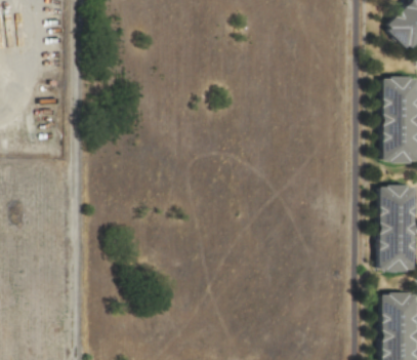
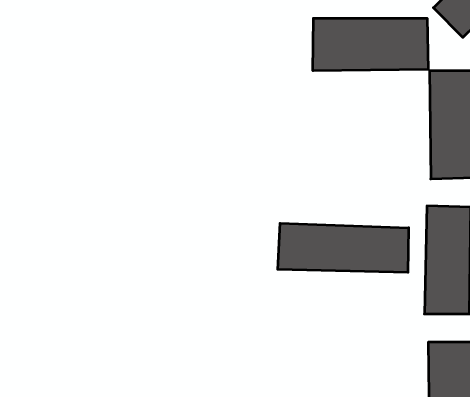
building: none -> [313,18,428,71]
building: none -> [278,223,409,272]

